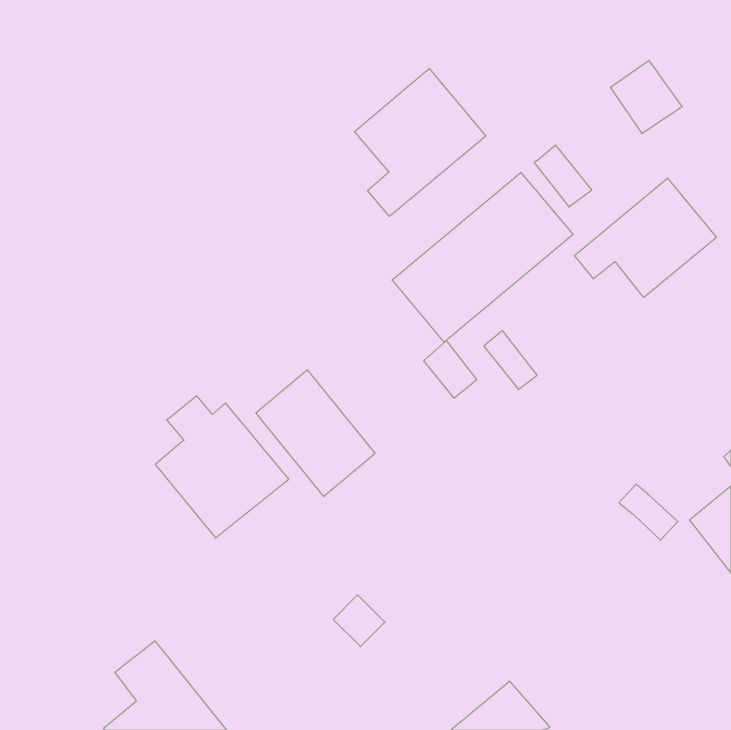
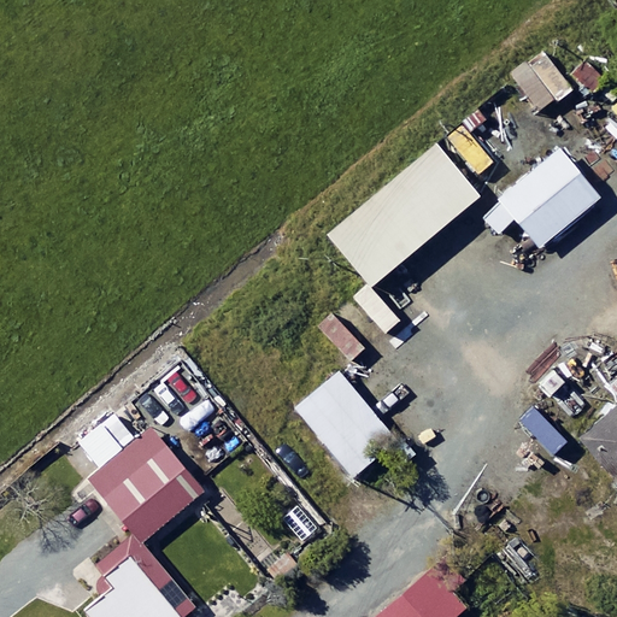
building: [354,69,486,216] -> none
building: [256,370,375,496] -> [296,371,396,477]
building: [155,396,289,538] -> [90,421,202,540]

